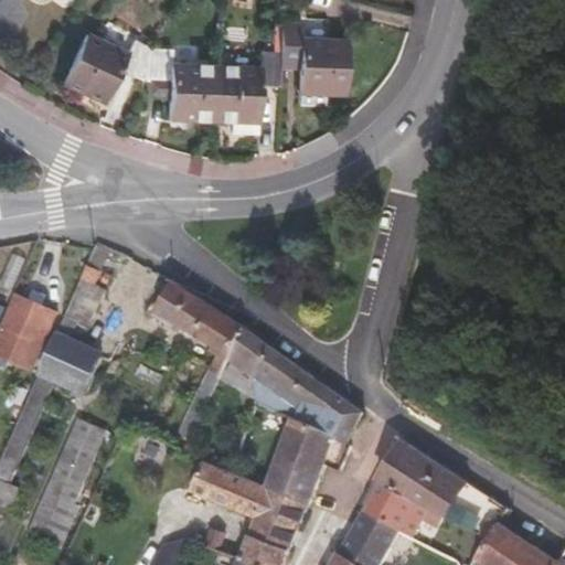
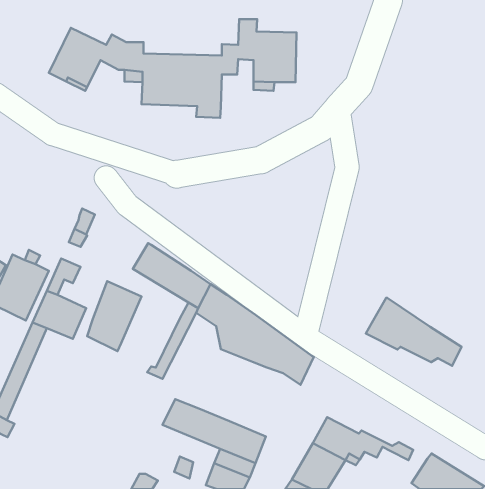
building: none -> [87,281,142,351]
building: [265,417,351,503] -> none
building: [23,418,105,553] -> none
building: [377,440,488,519] -> [366,298,462,366]

